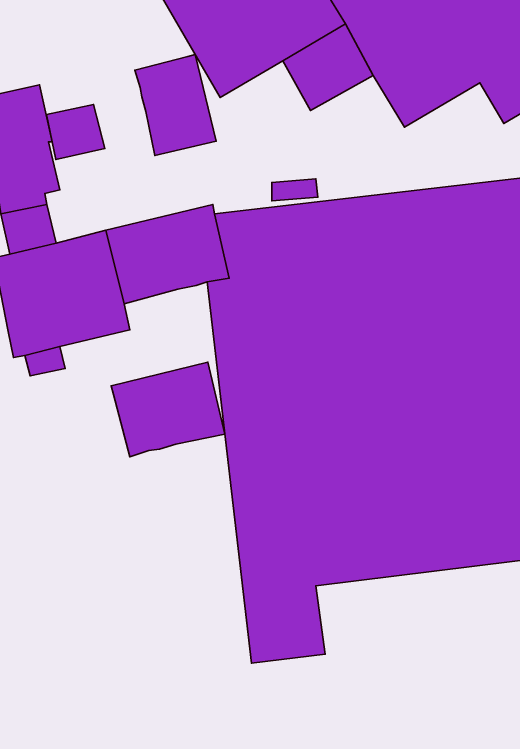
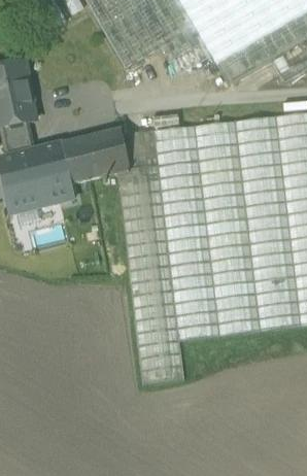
building: [135,55,216,156] -> none
building: [47,104,105,159] -> none
building: [111,362,225,457] -> none

